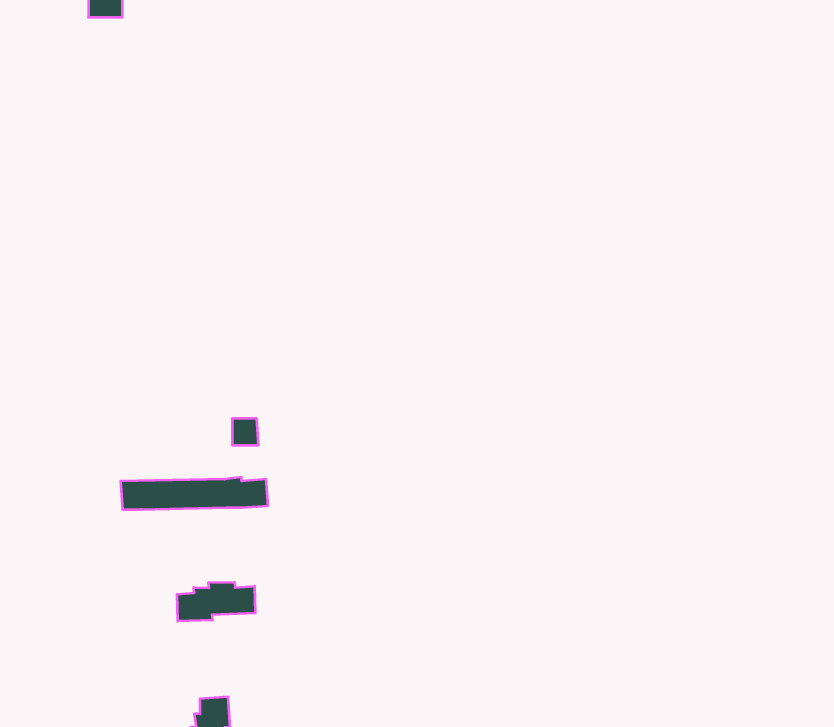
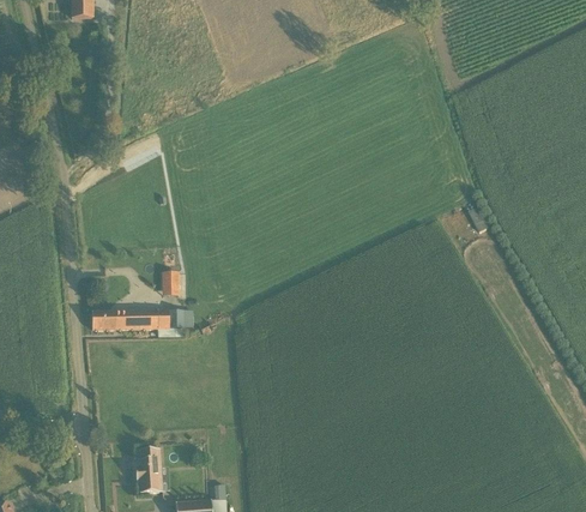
building: [177,582,255,621] -> none

